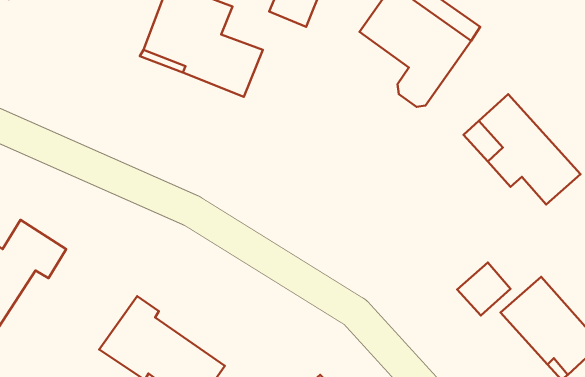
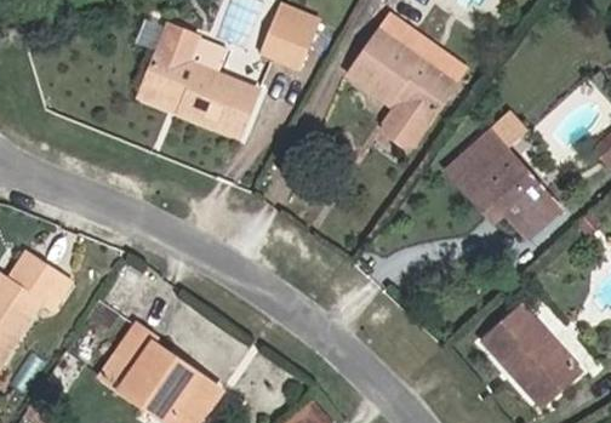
building: [457,262,510,316] -> none

